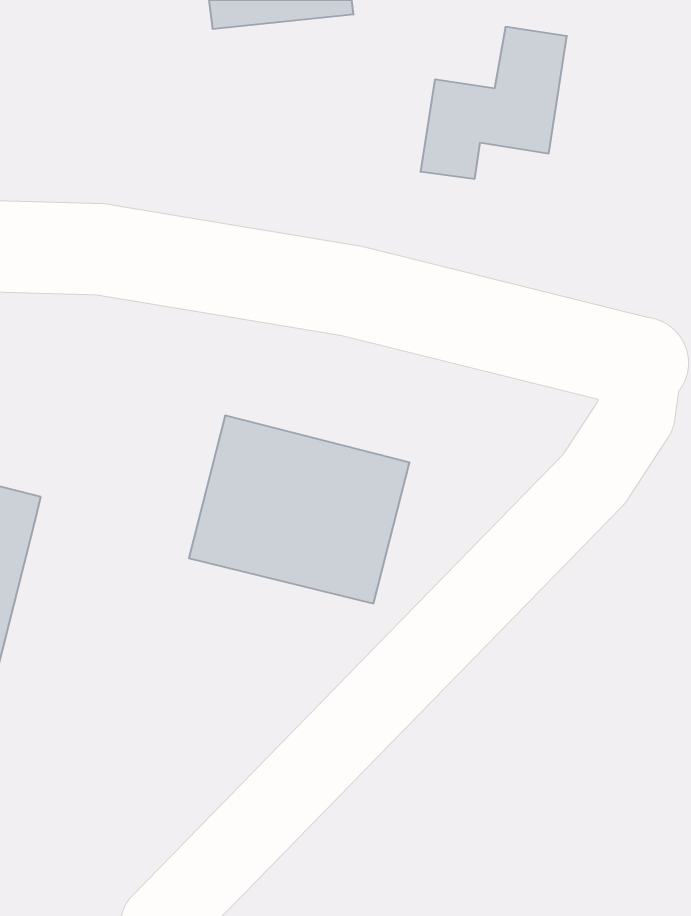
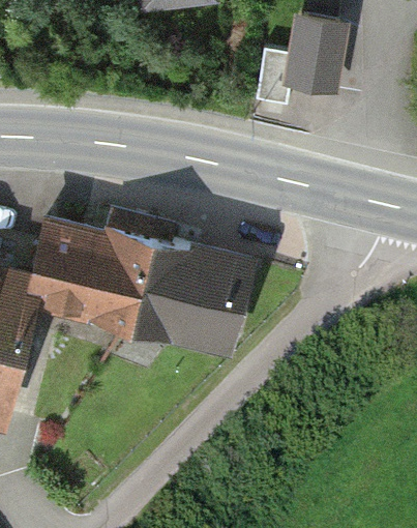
building: none -> [38,217,147,321]

